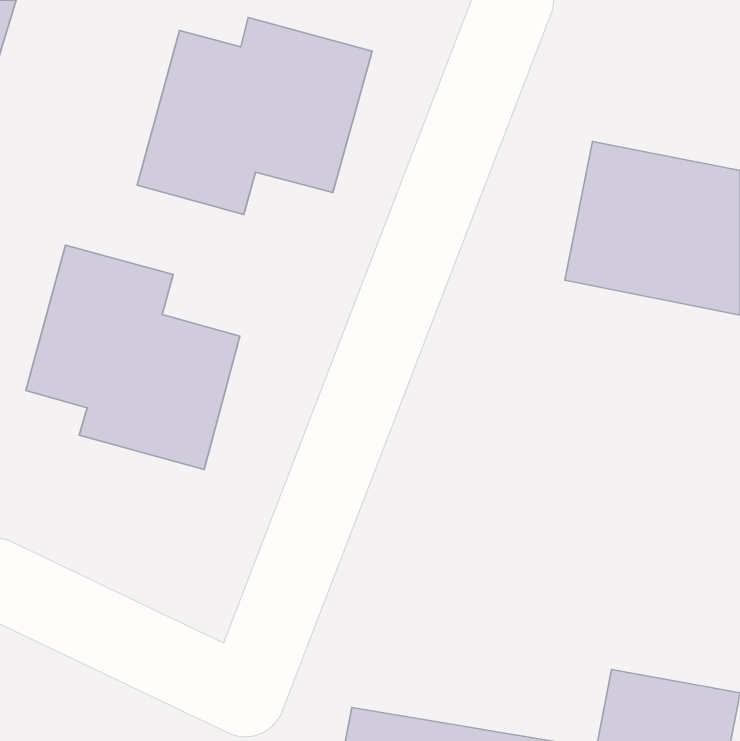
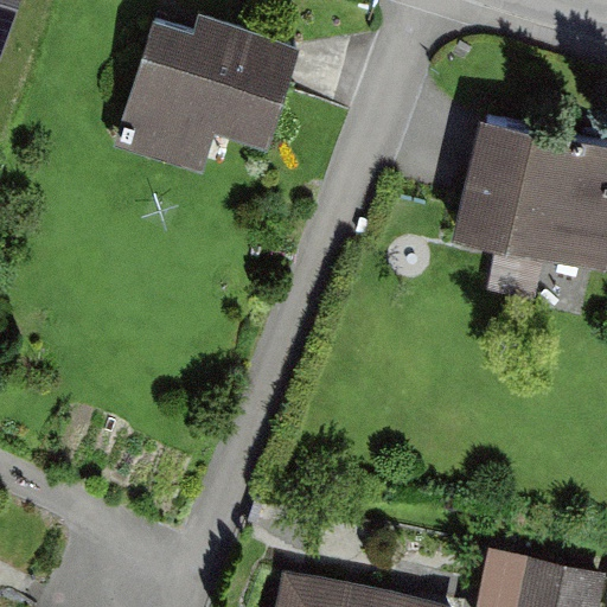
building: [26,245,240,470] -> none

